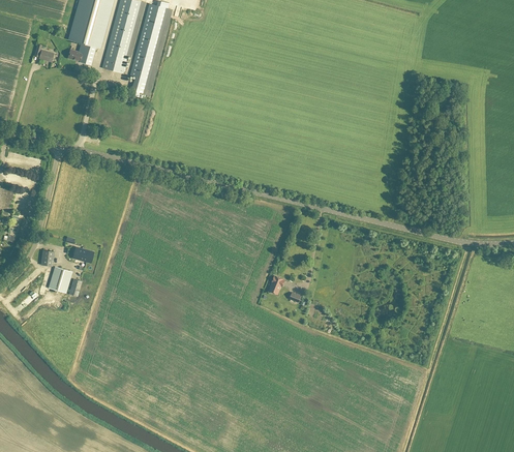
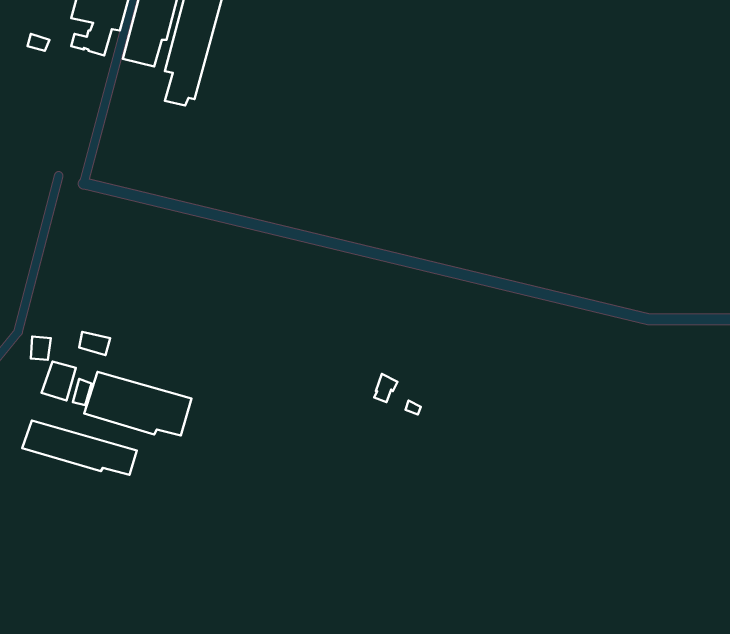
building: none -> [84,372,192,435]
building: none -> [22,421,137,475]

